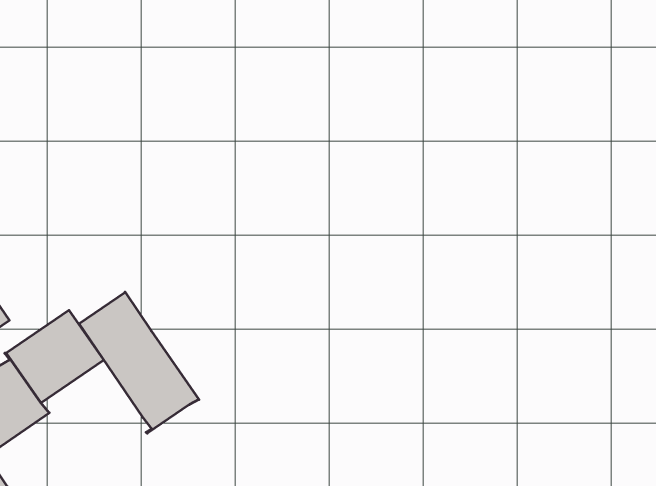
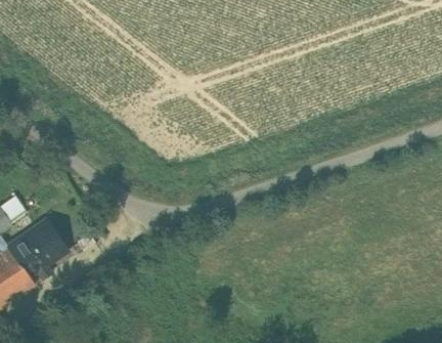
building: [79,292,199,433] -> none

